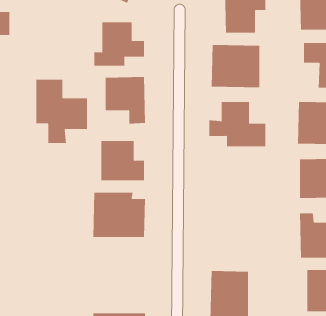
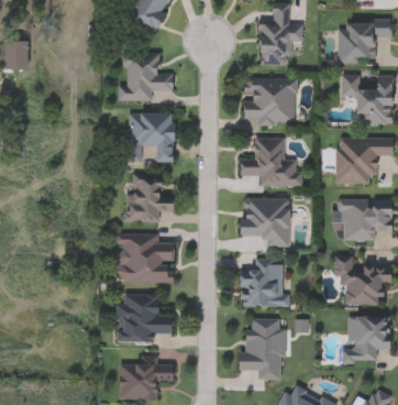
building: [36,79,88,144] -> none
building: none -> [243,198,290,247]
building: none -> [241,260,287,306]
building: none -> [117,294,174,343]

